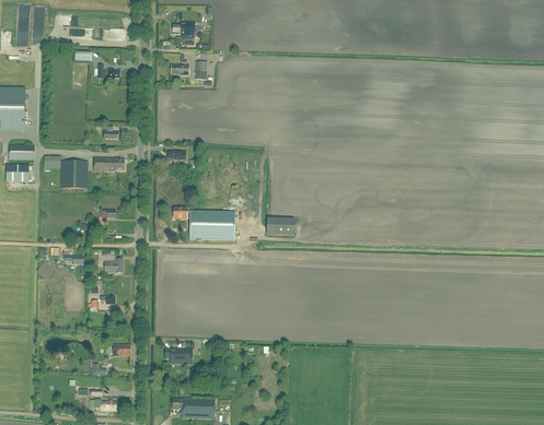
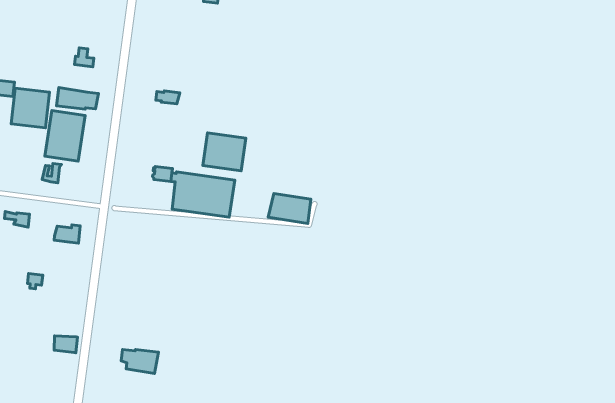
building: none -> [45,110,85,161]
building: none -> [203,133,246,171]

